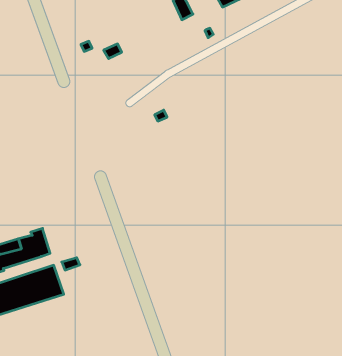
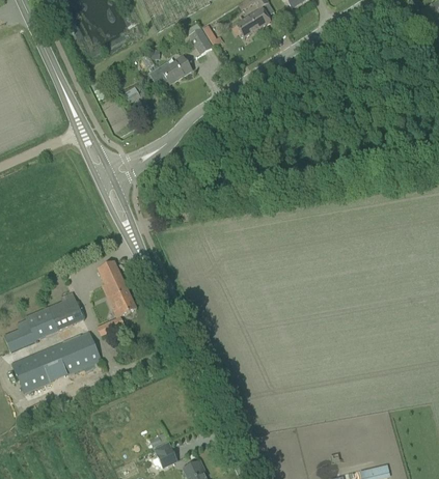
building: none -> [149,57,191,86]
building: none -> [98,260,136,316]

